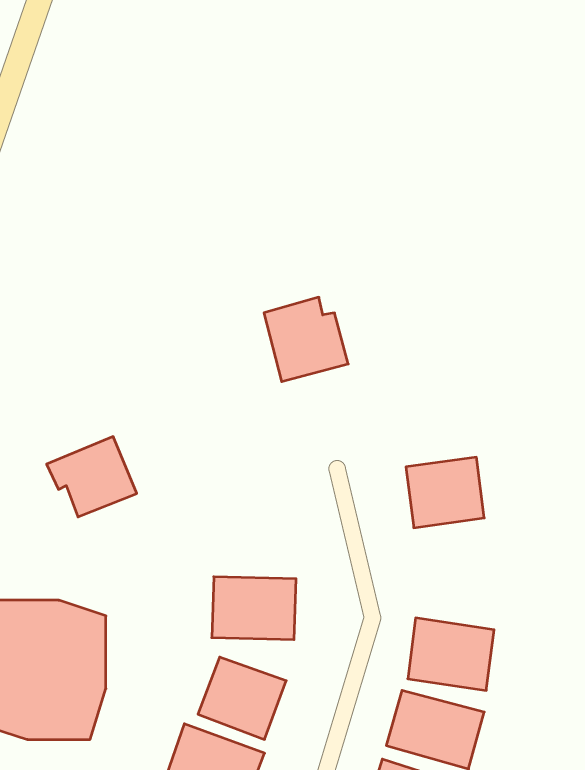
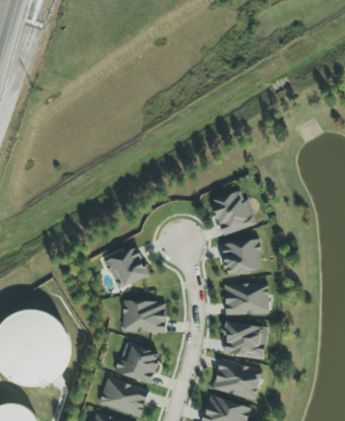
building: [264,297,348,382] -> [212,191,256,234]
building: [47,437,137,517] -> [103,247,150,288]
building: none -> [224,283,269,314]

